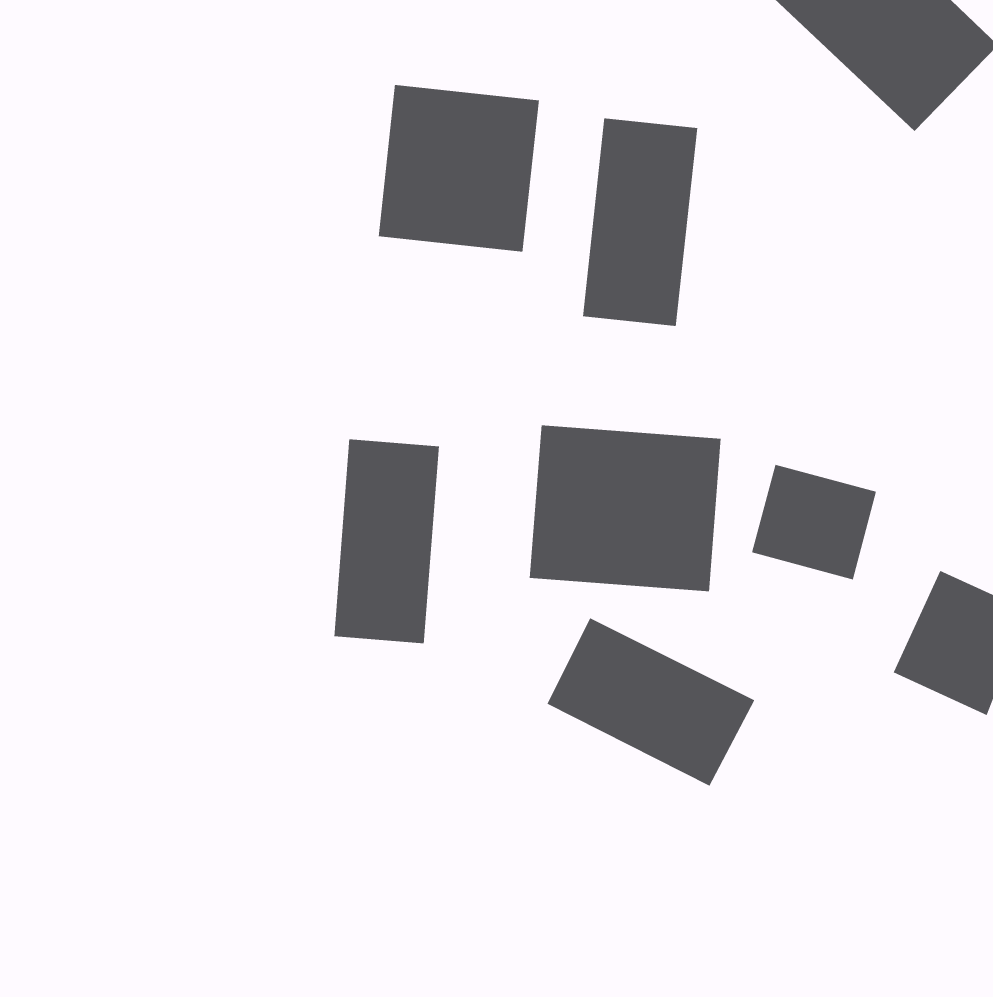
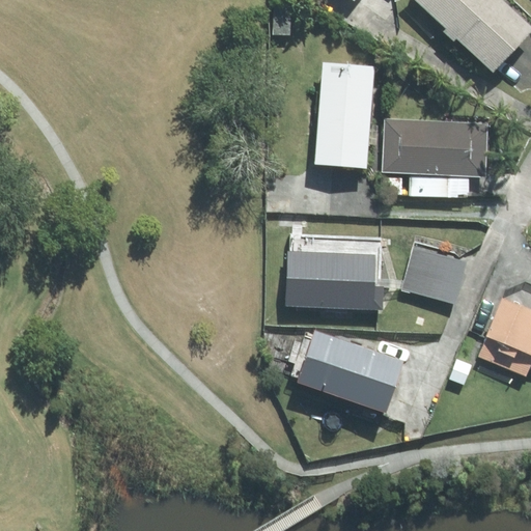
building: [378,84,539,253] -> none
building: none -> [382,115,493,181]
building: [334,438,439,644] -> none

